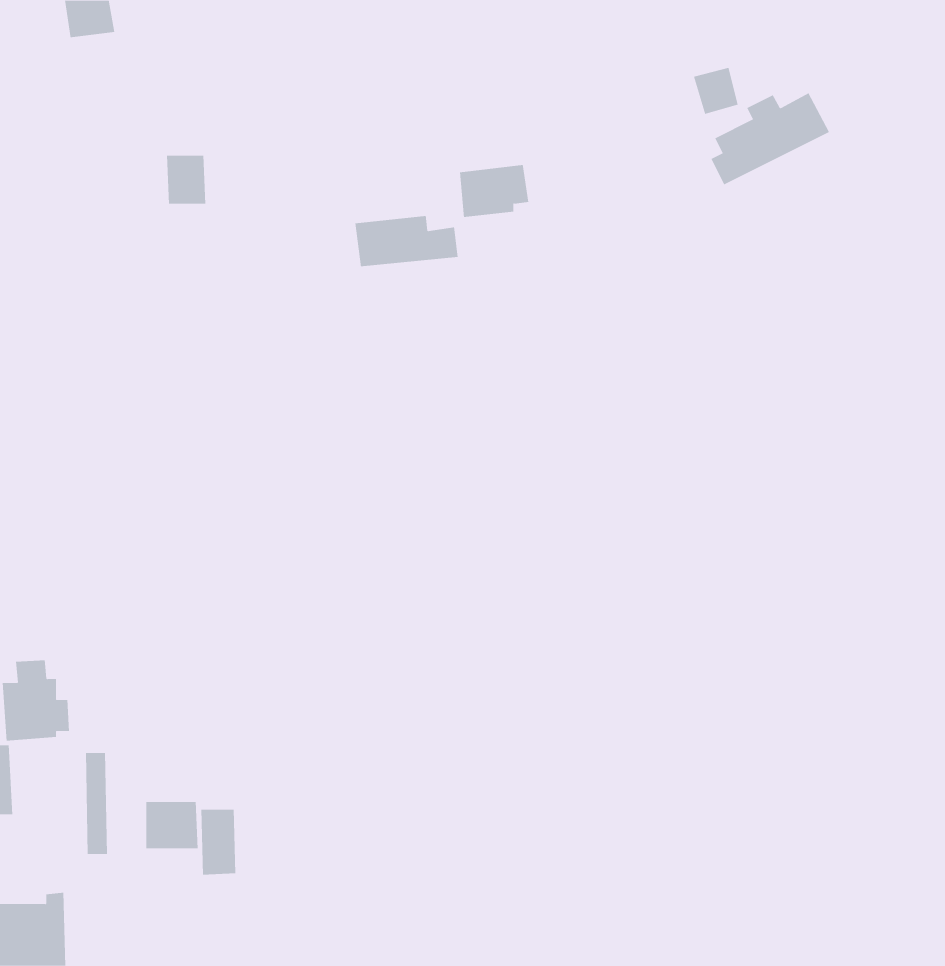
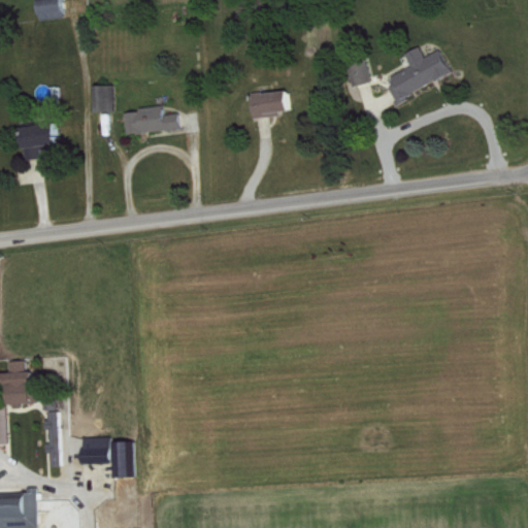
building: [693,67,739,114] -> [345,60,370,86]
building: [355,216,458,267] -> [122,106,178,134]
building: none -> [20,123,57,160]

